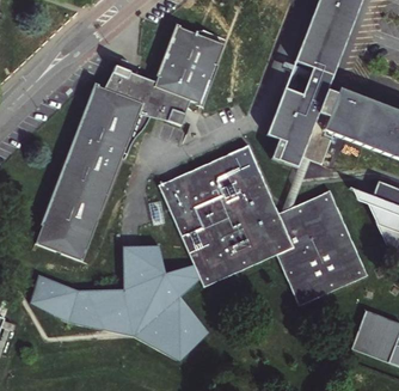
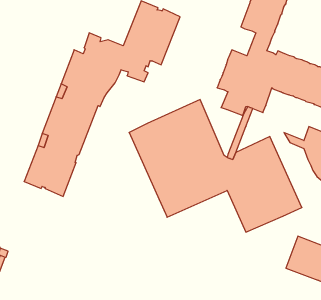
building: [33,245,213,359] -> none

